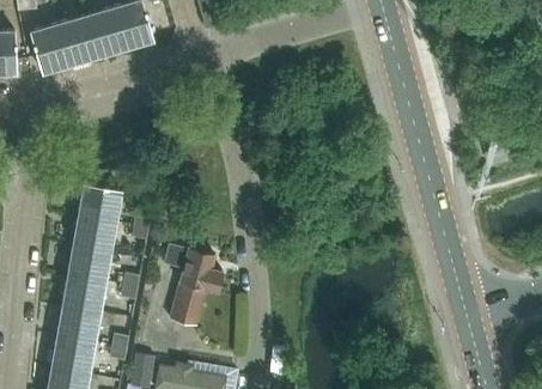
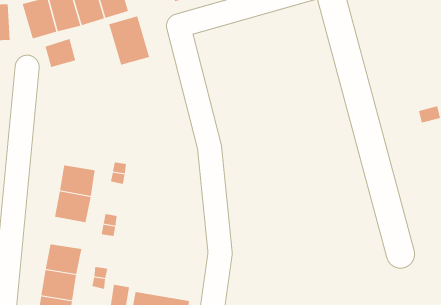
building: none -> [109,16,150,66]
building: none -> [45,38,76,68]
building: [78,183,121,223] -> none
building: [164,244,223,326] -> none
building: [62,276,104,314] -> none

